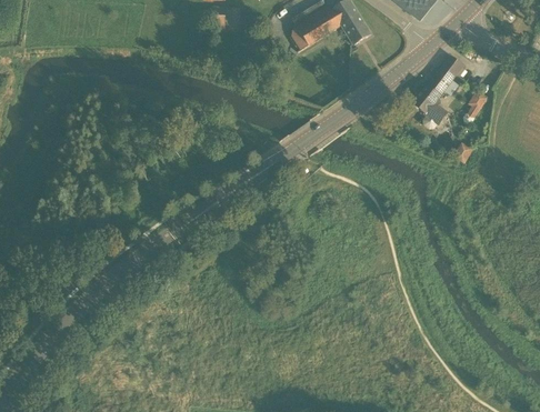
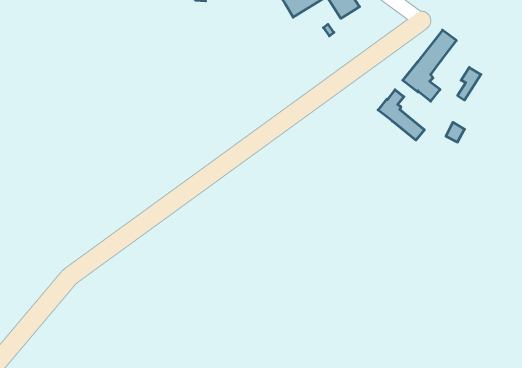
building: none -> [378,90,424,140]

